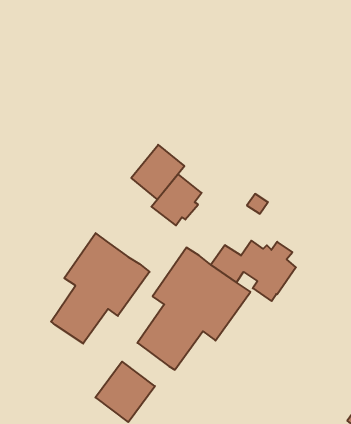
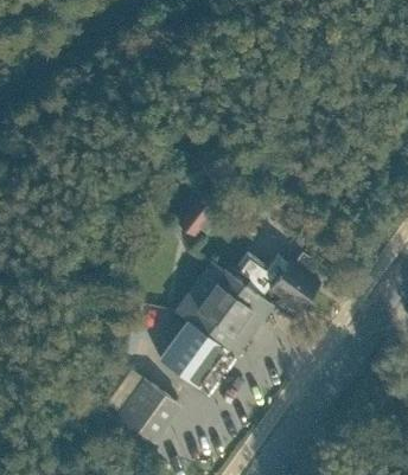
building: [131,145,184,199] -> none
building: [51,233,150,344] -> none

